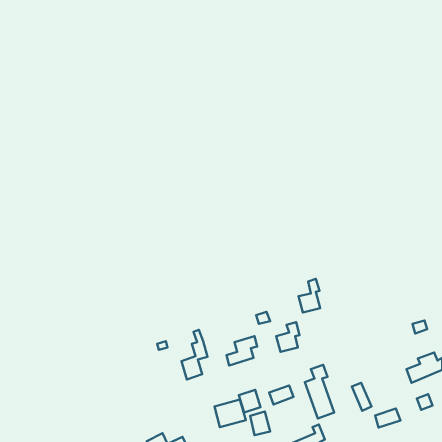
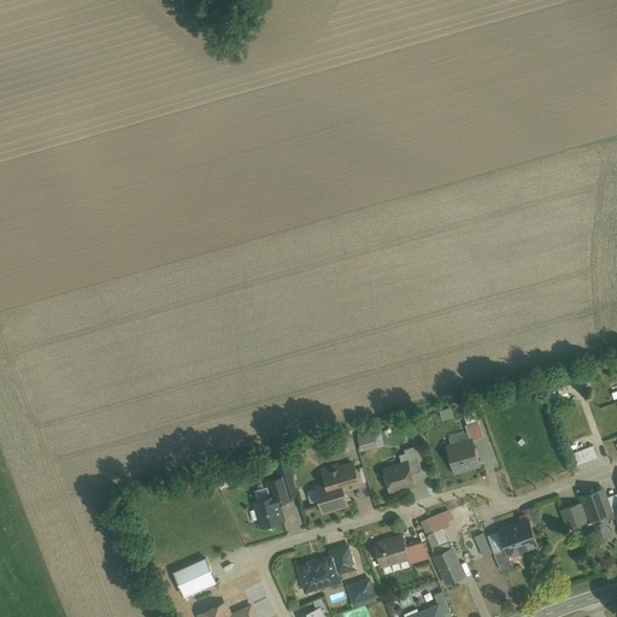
building: [299,279,320,313] -> [447,427,477,474]
building: none -> [171,559,213,598]
building: [375,408,400,427] -> [505,522,540,548]

